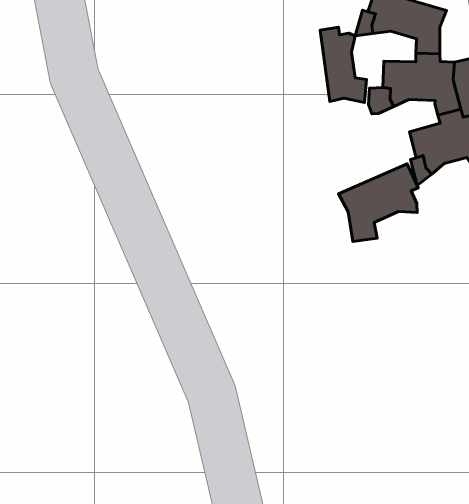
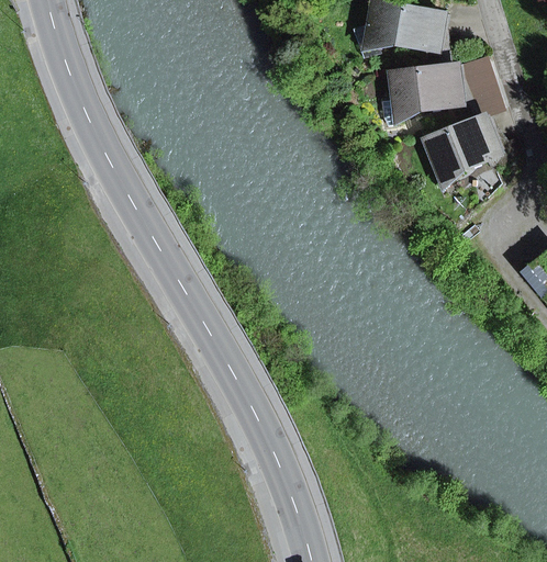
building: [320,27,366,103] -> none
building: [339,164,418,241] -> none

